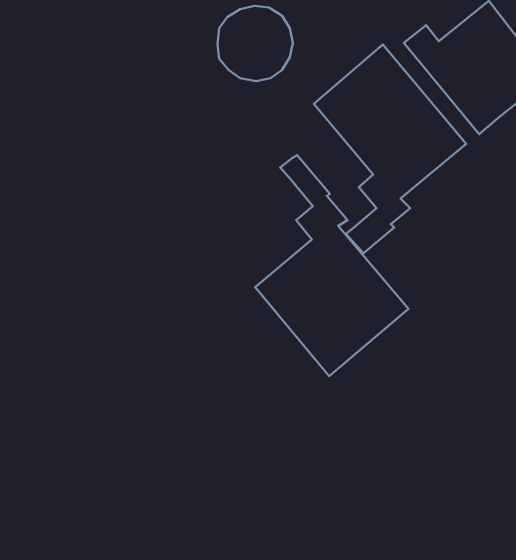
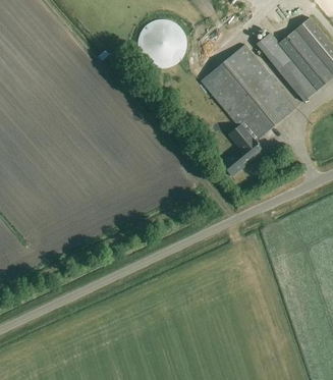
building: [255,155,408,376] -> none

